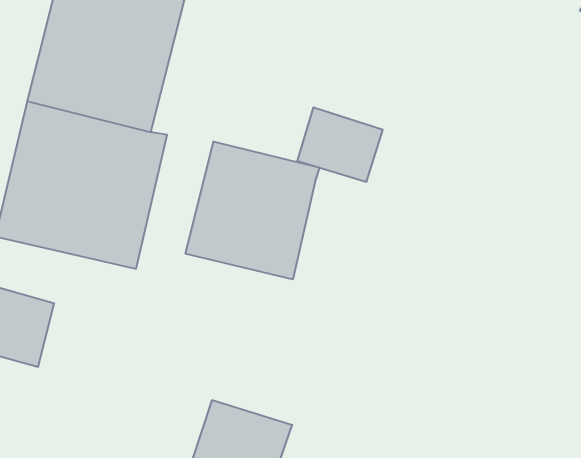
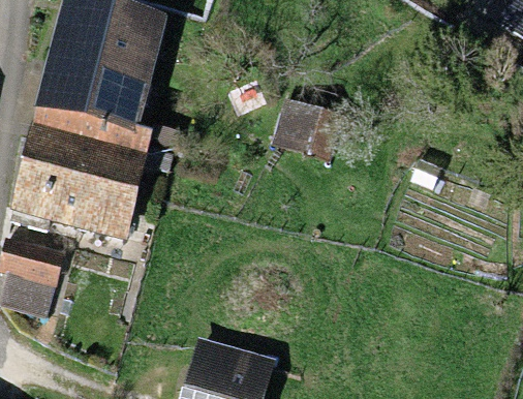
building: [186,141,319,279] -> none

